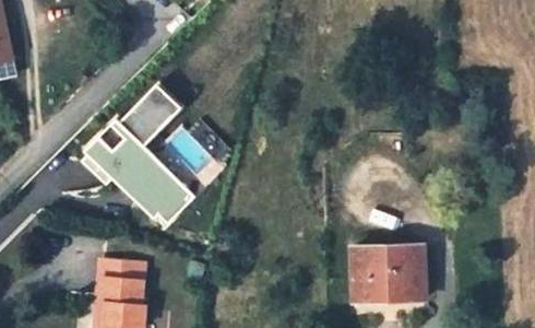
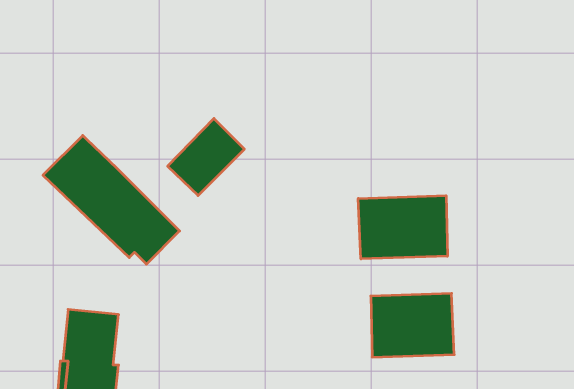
building: [119,81,182,144] -> [168,118,244,196]
building: none -> [358,196,447,259]

